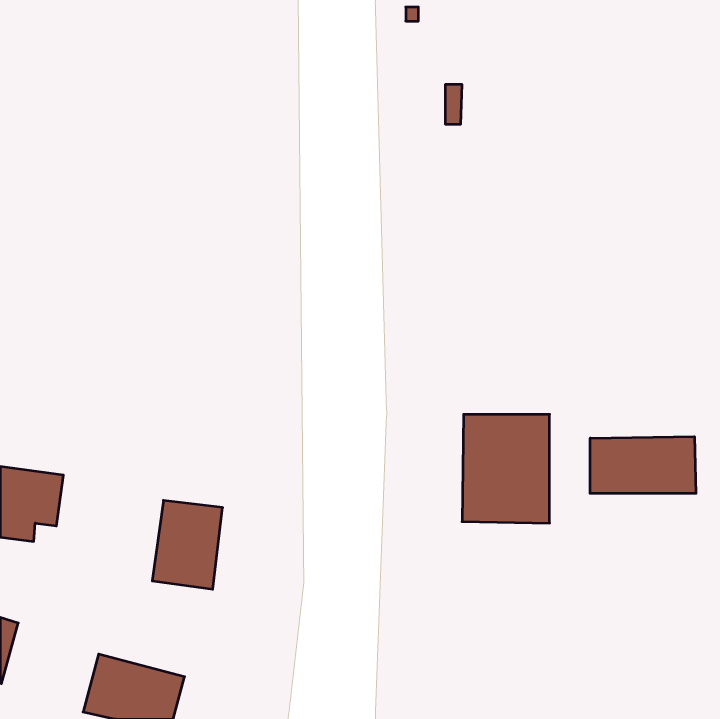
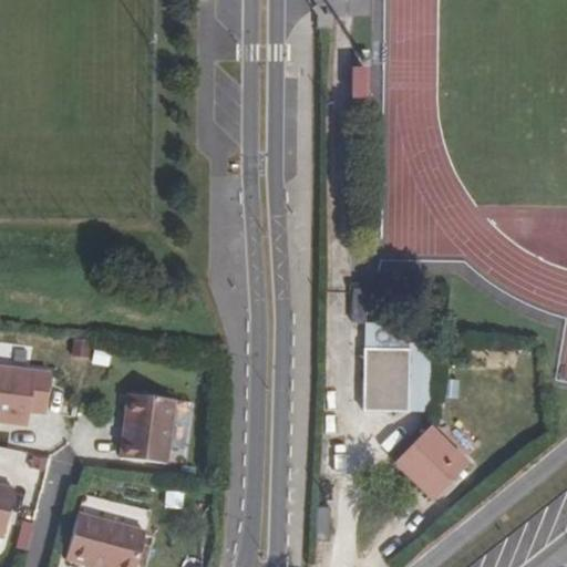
building: [590,437,696,493] -> none
building: none -> [395,426,470,501]

